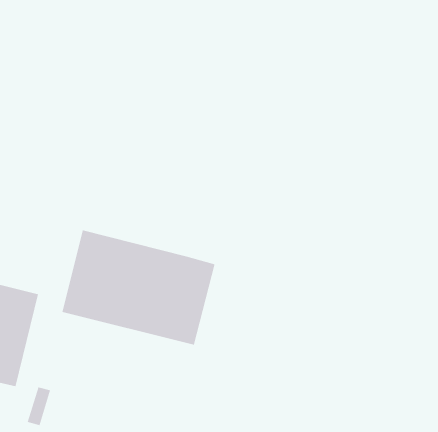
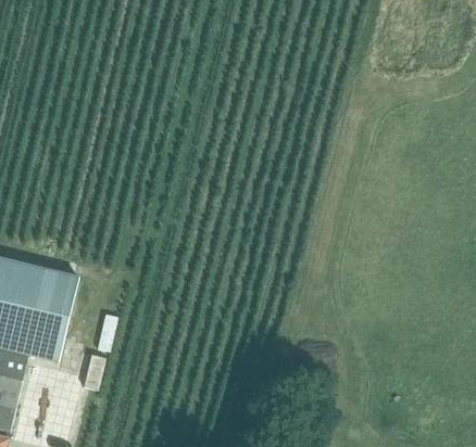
building: [62,229,215,345] -> none

